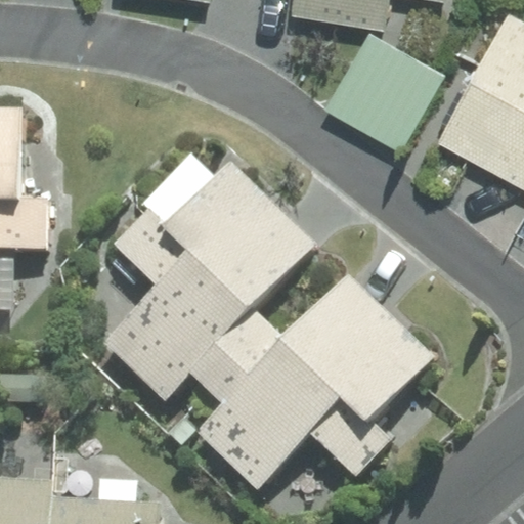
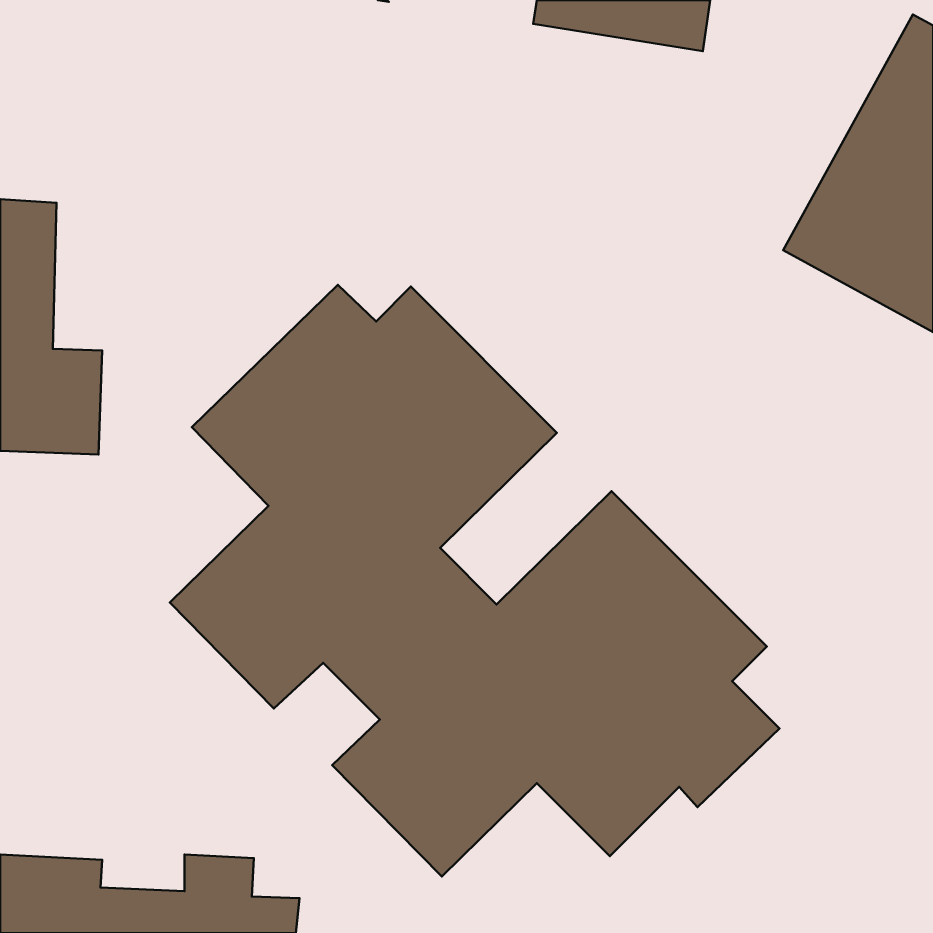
building: [326,33,447,150] -> none

